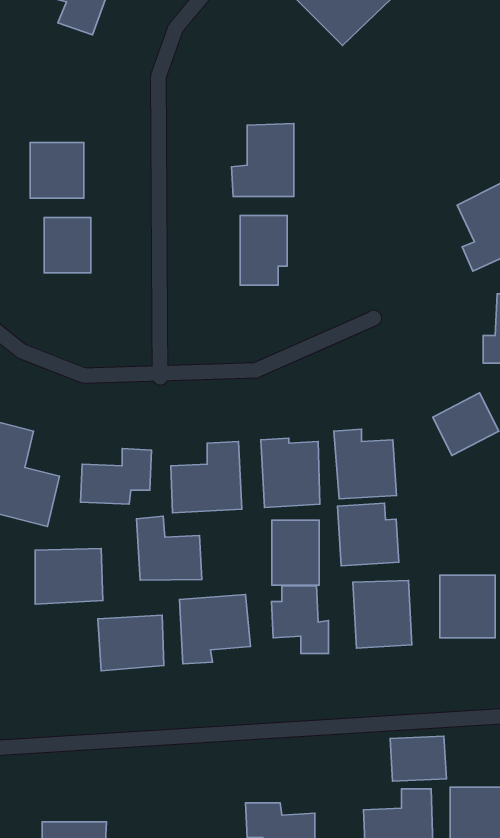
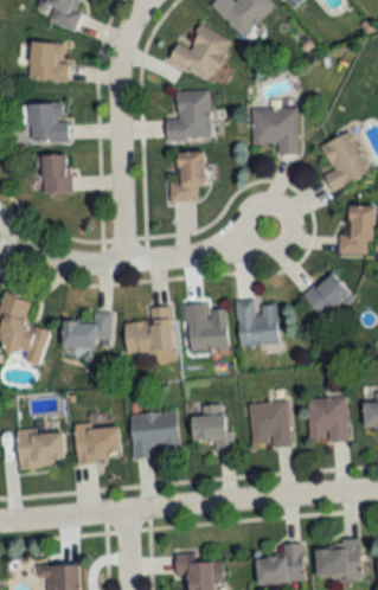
building: none -> [169,25,231,81]
building: none -> [30,43,68,81]
building: none -> [254,108,299,154]
building: [338,503,399,566] -> none
building: [137,516,202,580] -> none
building: [272,520,319,585] -> none
building: [35,548,103,604] -> [19,430,65,468]
building: [390,736,446,781] -> none

